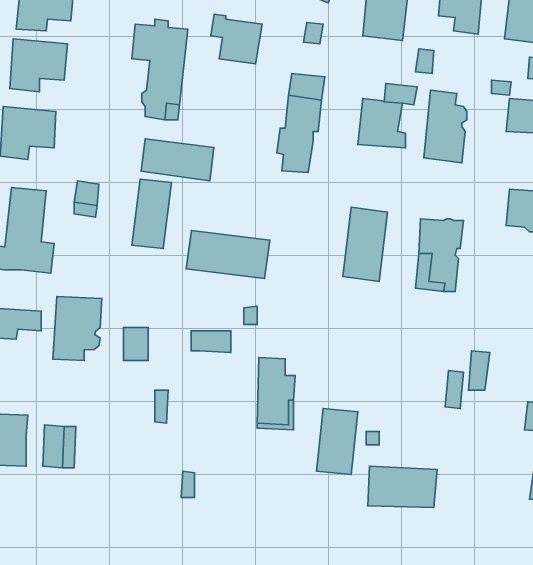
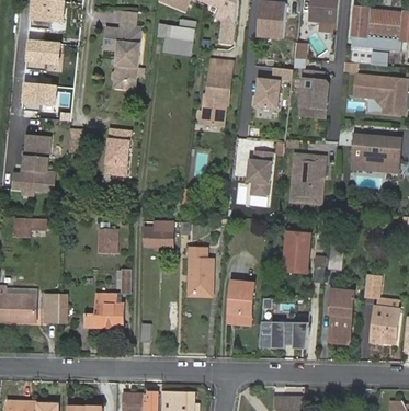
building: [141,139,214,181] -> none
building: [186,230,270,279] -> none
building: [53,297,102,361] -> none
building: none -> [282,239,308,278]
building: none -> [329,289,354,343]
building: none -> [83,292,122,326]

